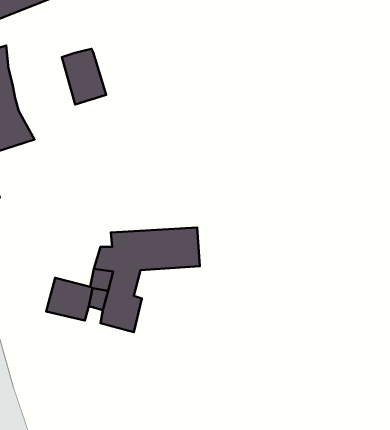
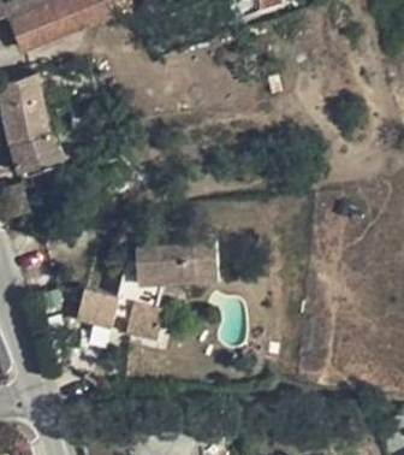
building: [62,49,106,104] -> none

